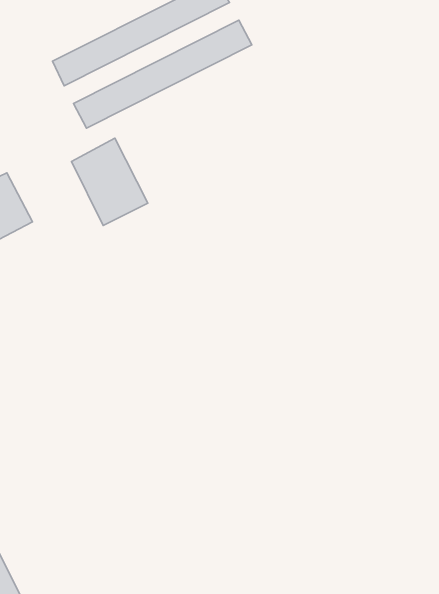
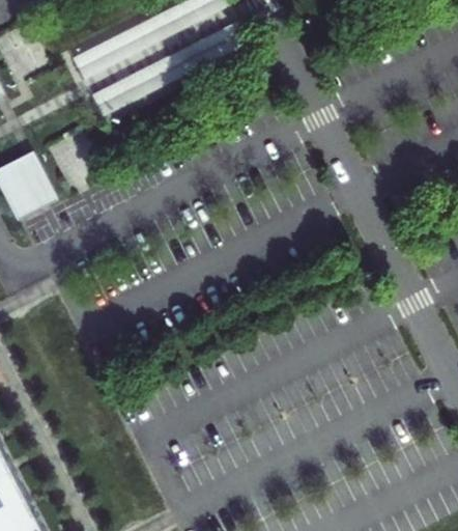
building: [71,138,148,226] -> none

